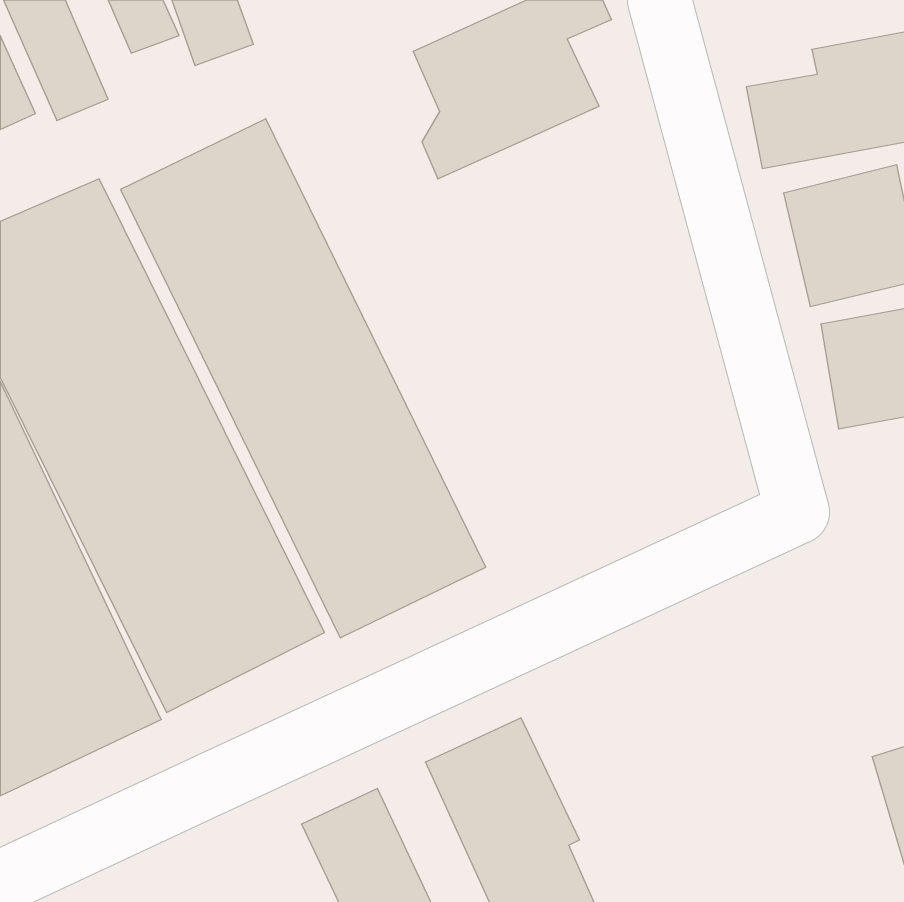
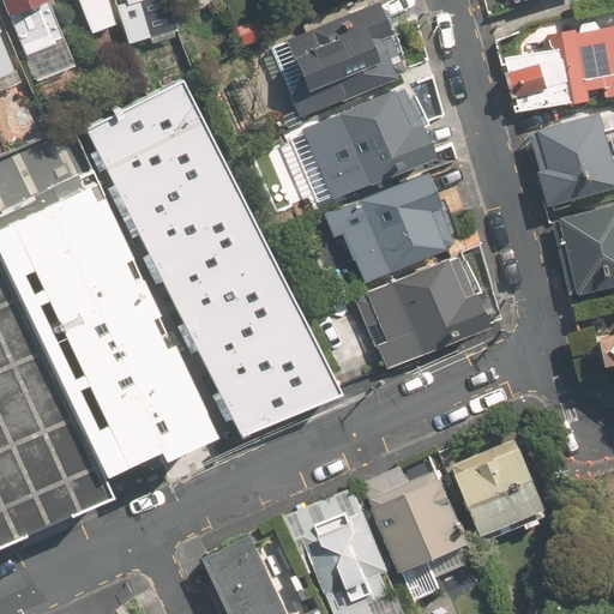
building: none -> [294,85,434,209]
building: none -> [325,174,452,279]
building: none -> [365,258,475,362]
building: none -> [453,441,549,538]
building: none -> [363,460,476,606]

